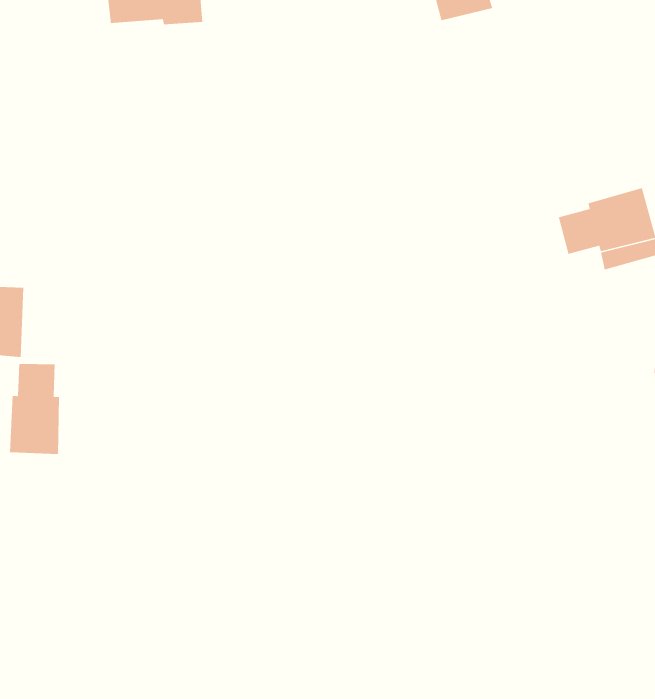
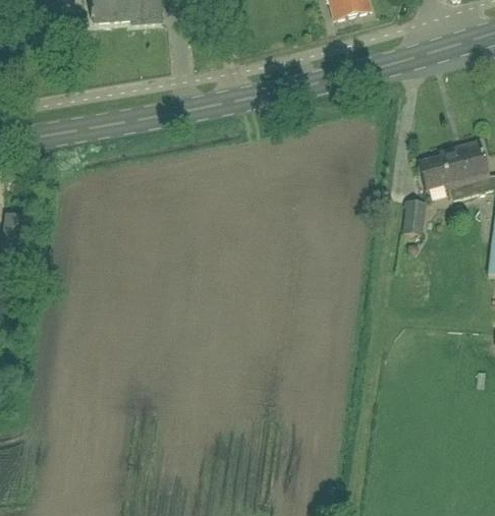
building: none -> [401,198,426,234]
building: [9,363,60,455] -> none

